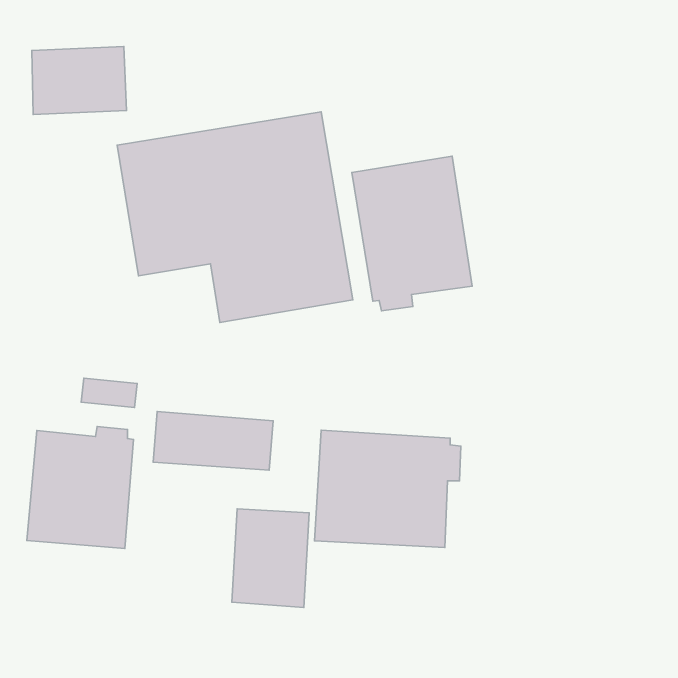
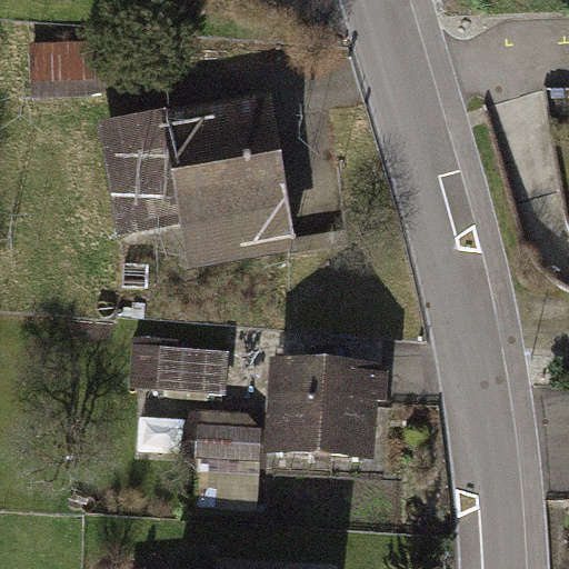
building: [352,156,472,311] -> none
building: [27,426,133,548] -> none

